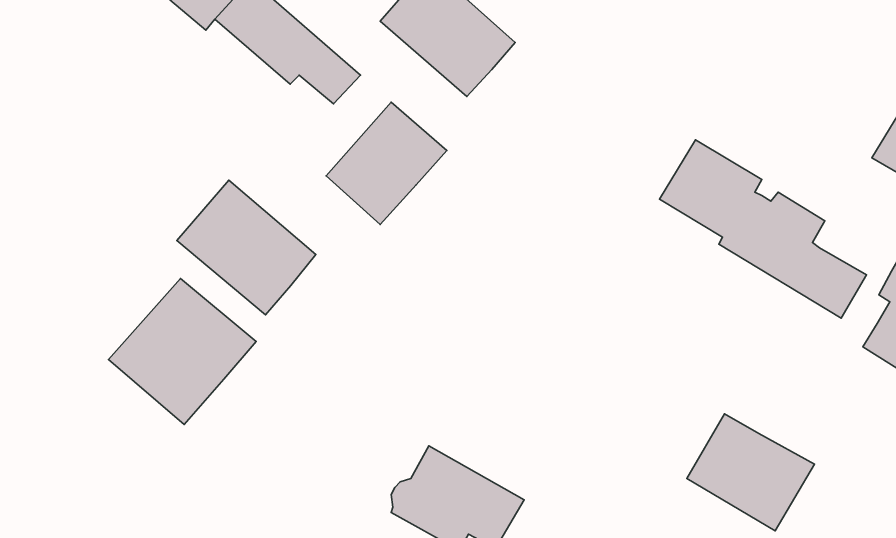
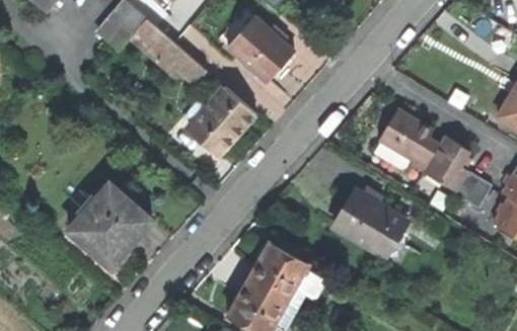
building: [177,180,316,315] -> none
building: none -> [247,241,308,309]
building: [687,414,815,531] -> [329,194,401,260]

